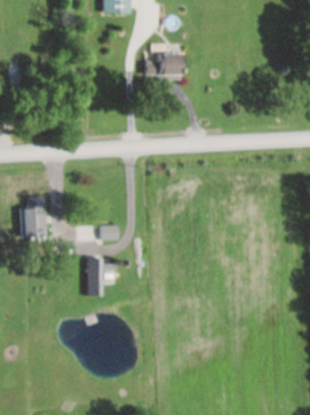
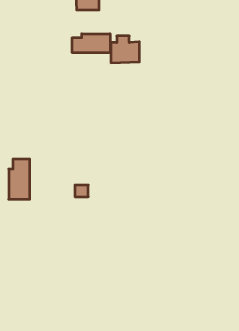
building: none -> [72,34,110,53]
building: [87,257,104,296] -> none

